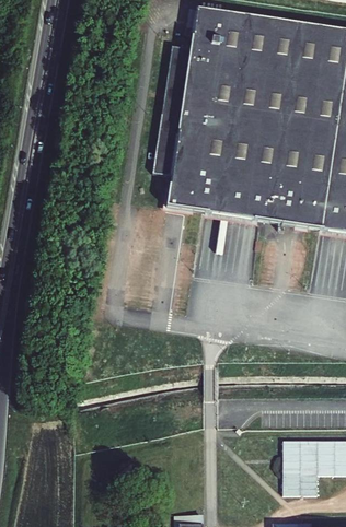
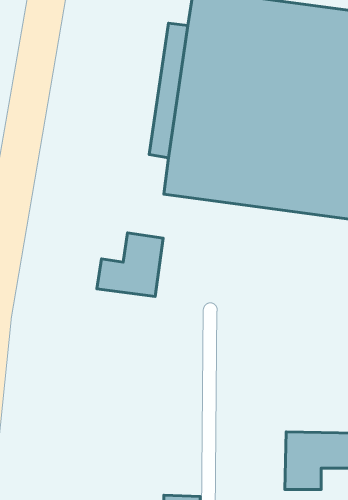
building: none -> [97,233,163,297]

